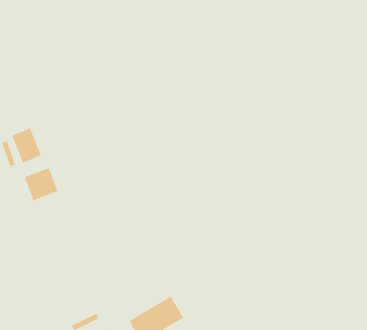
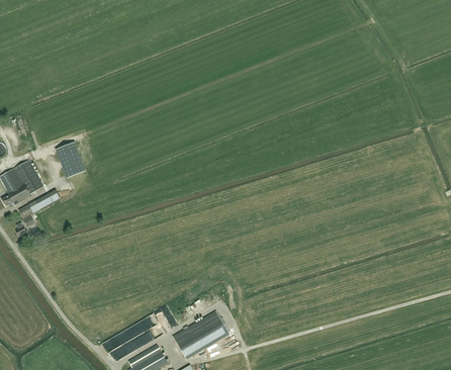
building: [24,167,58,201] -> none

